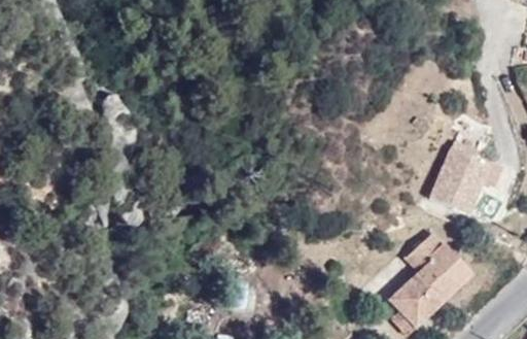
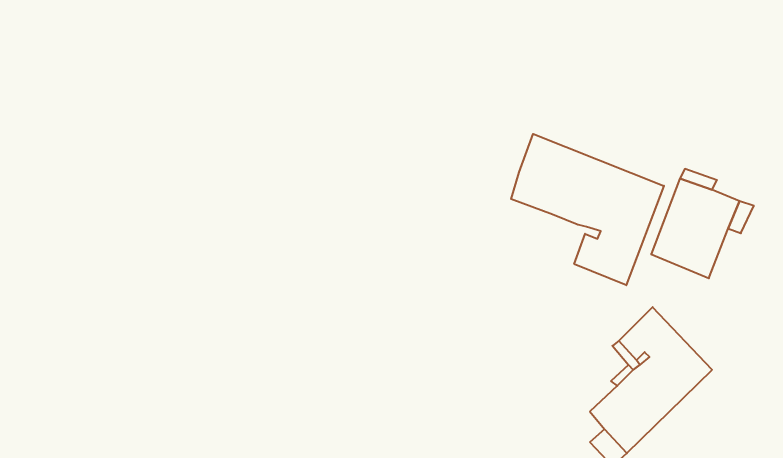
building: none -> [511,134,664,285]

